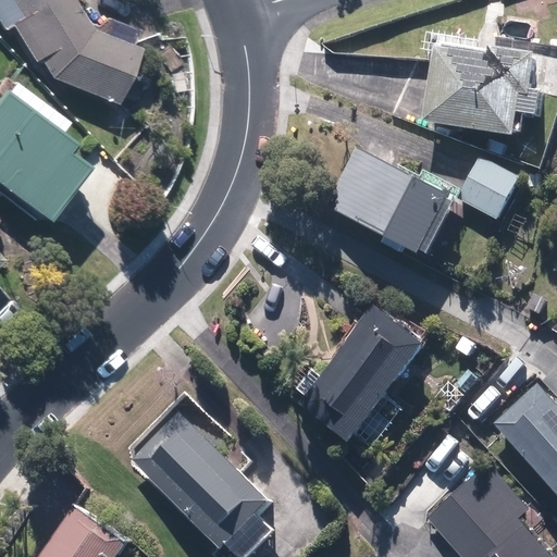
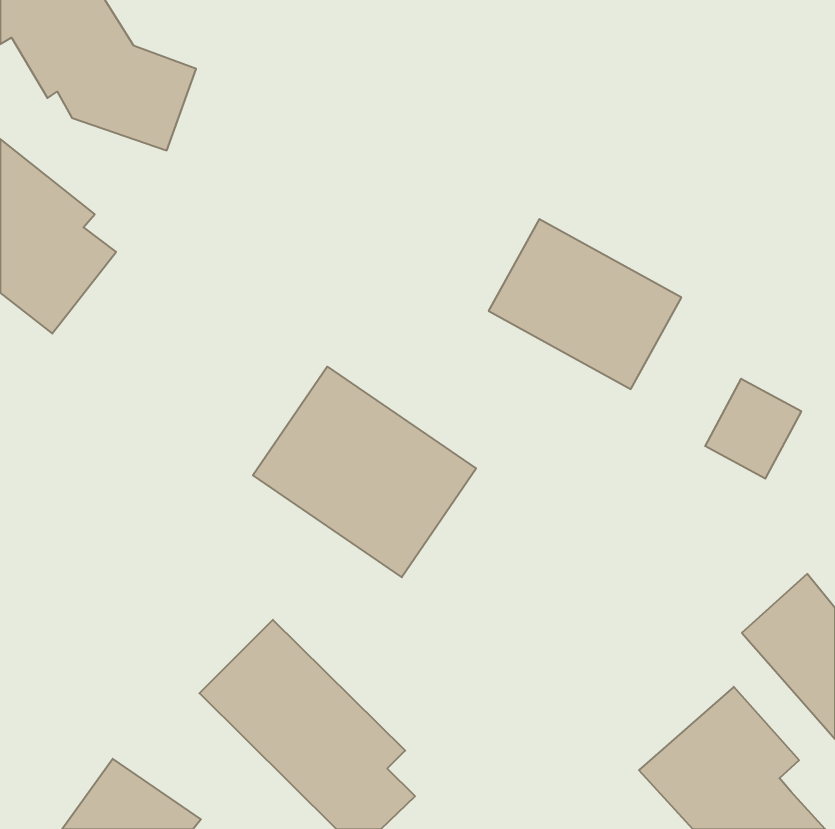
building: [426,50,532,136] -> none
building: [457,154,521,221] -> [705,379,801,479]
building: none -> [253,367,476,577]
building: [300,302,424,444] -> none

